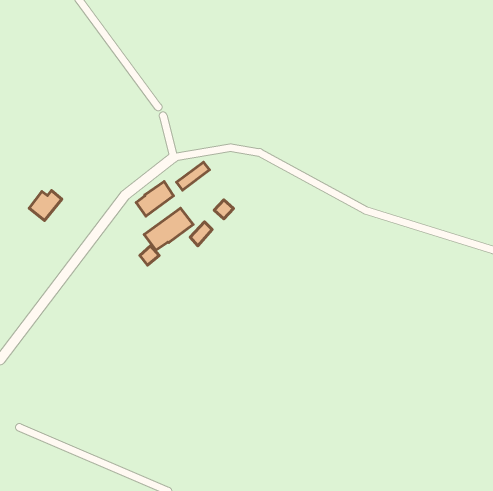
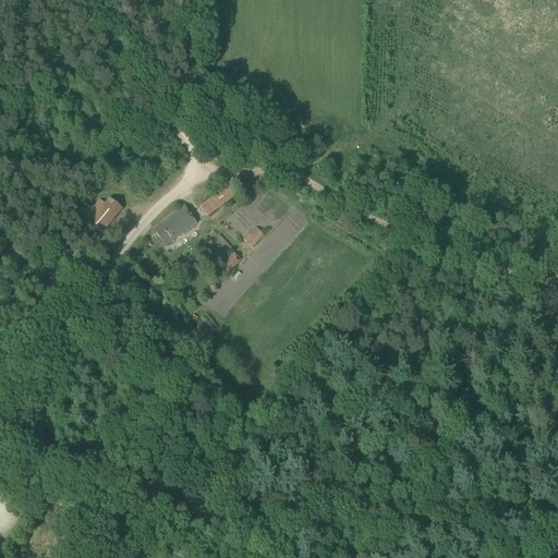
building: [29,191,62,221] -> [85,197,122,231]
building: [144,208,193,250] -> none

